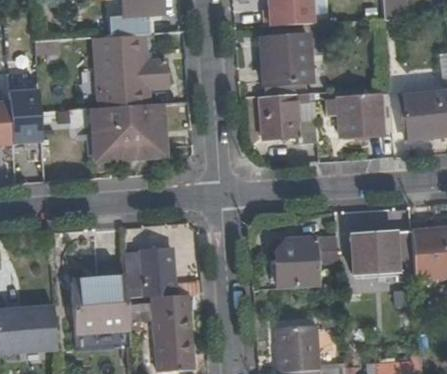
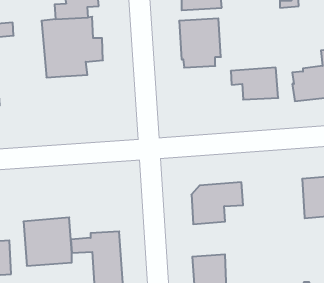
building: [258,92,317,144] -> none
building: [94,103,163,155] -> none
building: [344,231,414,279] -> none
building: [140,247,175,295] -> none

